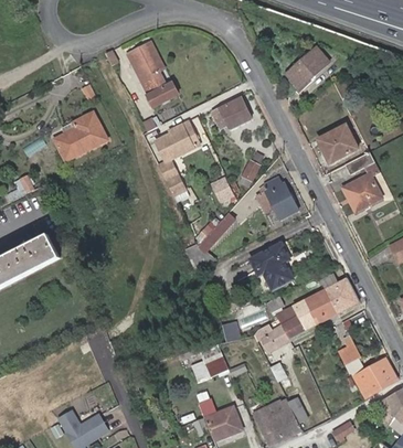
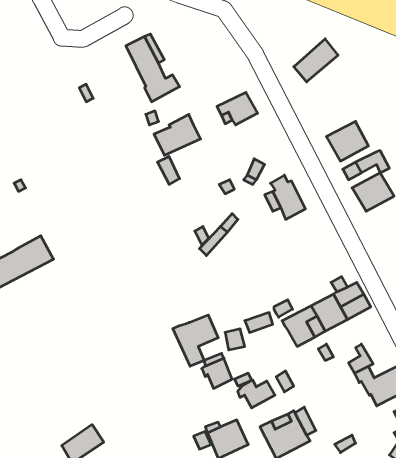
building: [53,113,106,161] -> none
building: [253,243,296,289] -> none
building: none -> [173,315,218,366]
building: [254,324,289,351] -> [238,380,275,408]

